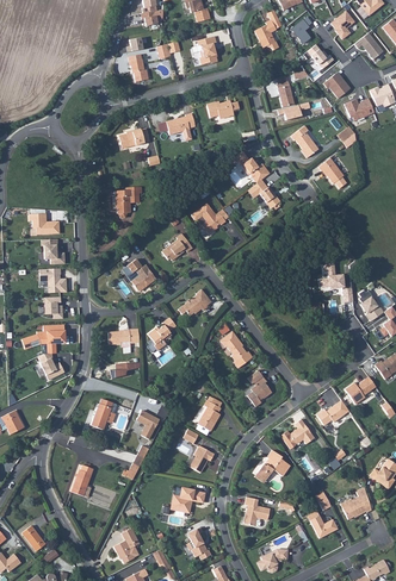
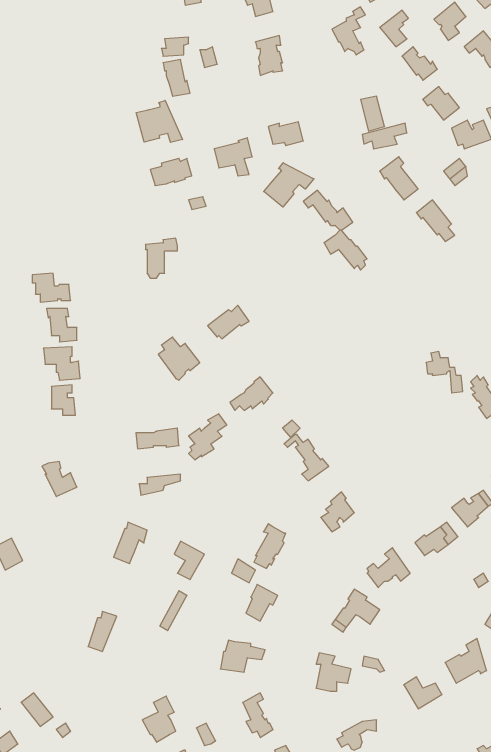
building: none -> [136,100,182,142]
building: none -> [264,163,314,207]
building: [192,204,229,235] -> none
building: [20,331,62,354] -> none

